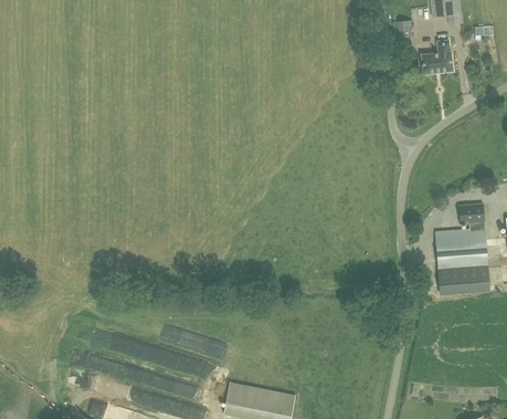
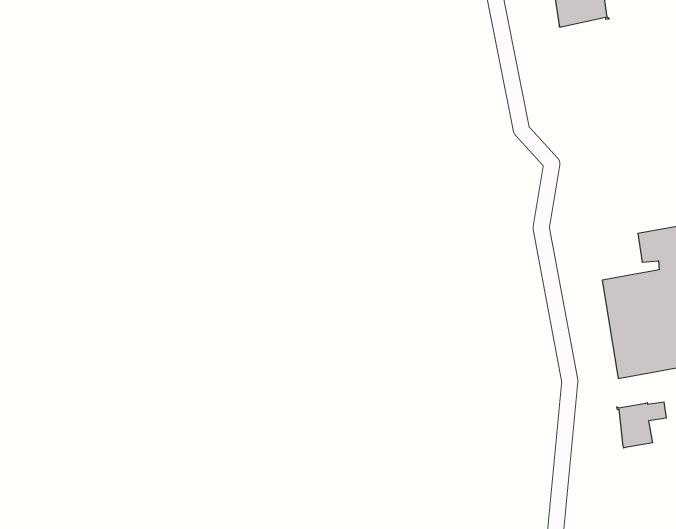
building: none -> [617,402,666,448]

